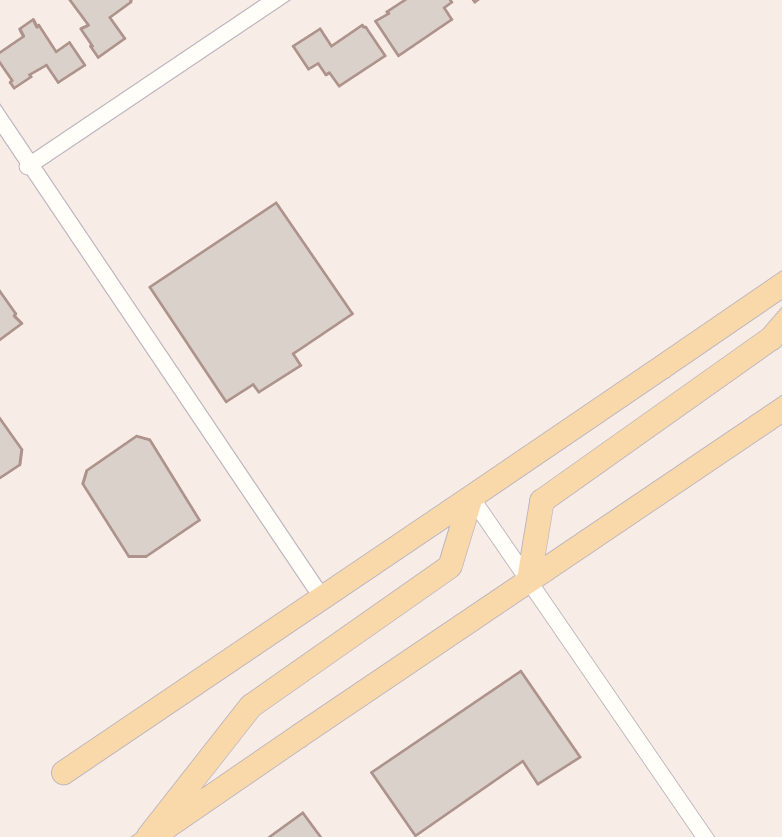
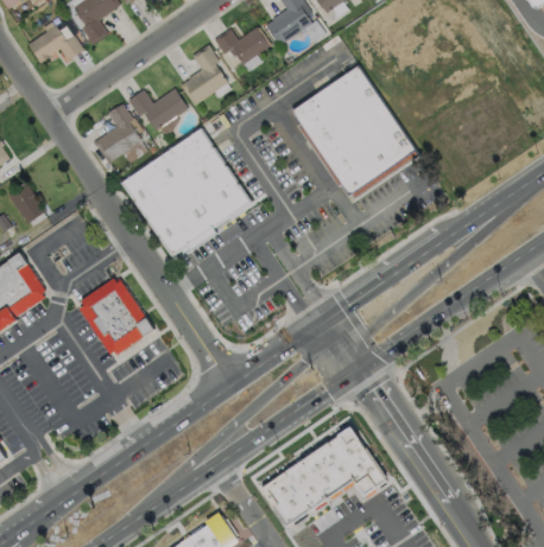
building: none -> [179,42,227,103]
building: none -> [295,69,419,201]
building: none -> [127,85,186,128]
building: none -> [91,101,140,161]

